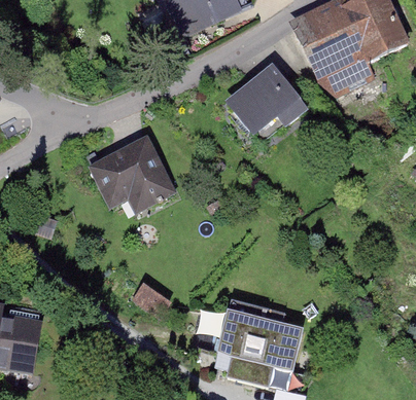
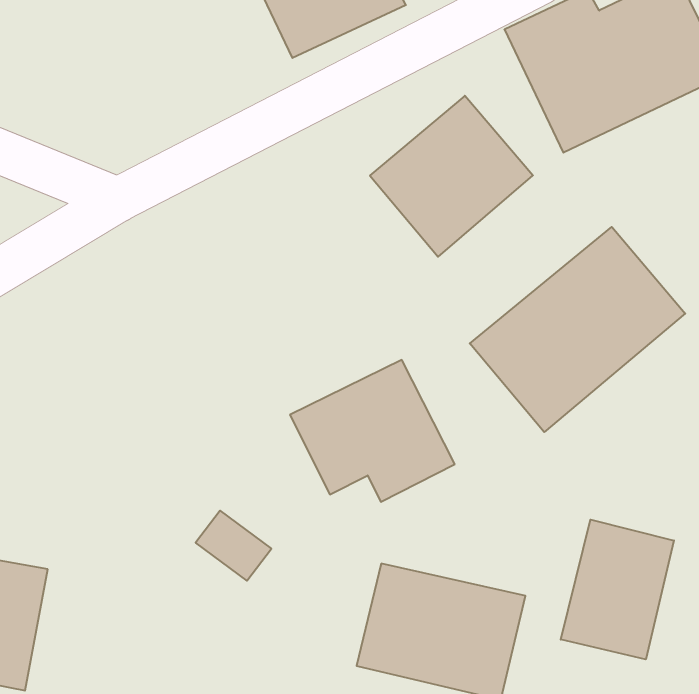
building: none -> [470,227,685,432]
building: [85,137,175,214] -> [290,360,455,502]
building: none -> [561,520,674,659]

